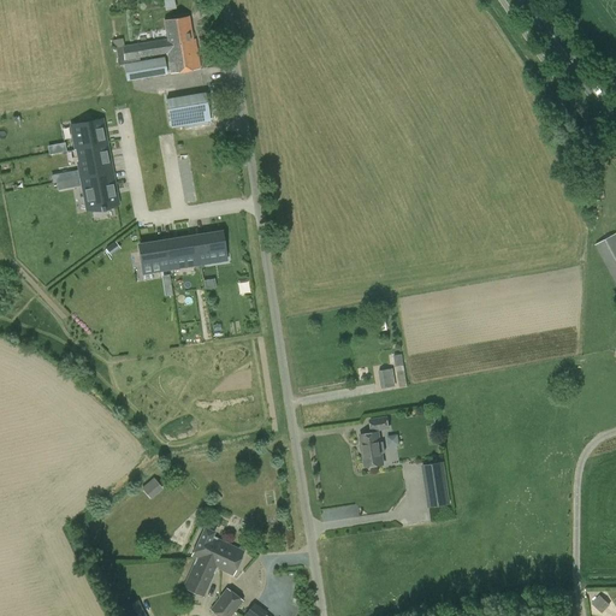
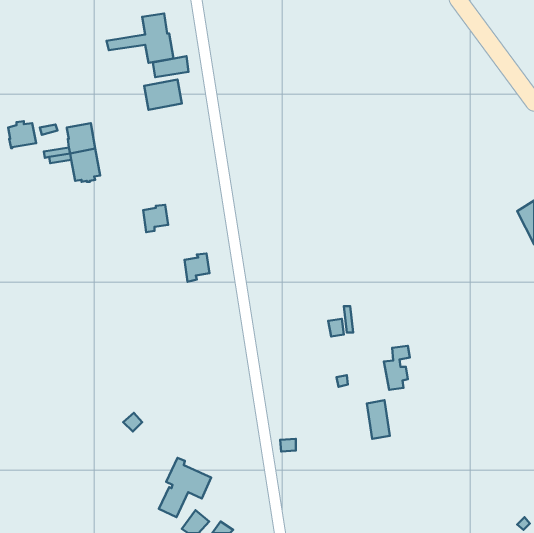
building: [125,55,166,79] -> [153,56,188,77]
building: [72,117,105,148] -> [8,121,36,148]
building: [196,230,225,262] -> [184,253,210,282]
building: [138,242,168,271] -> none
building: [360,415,390,466] -> [384,346,410,390]

